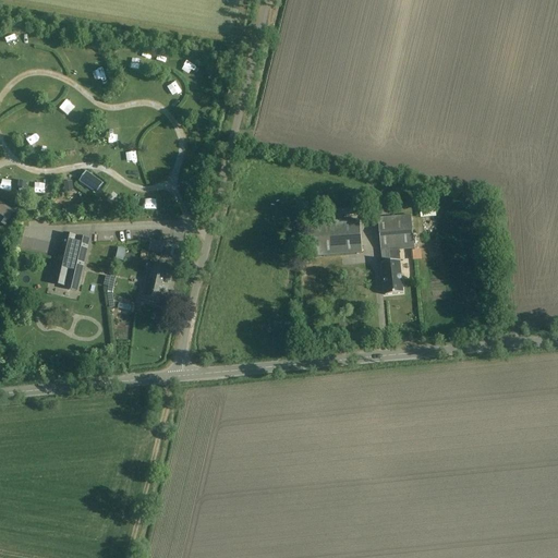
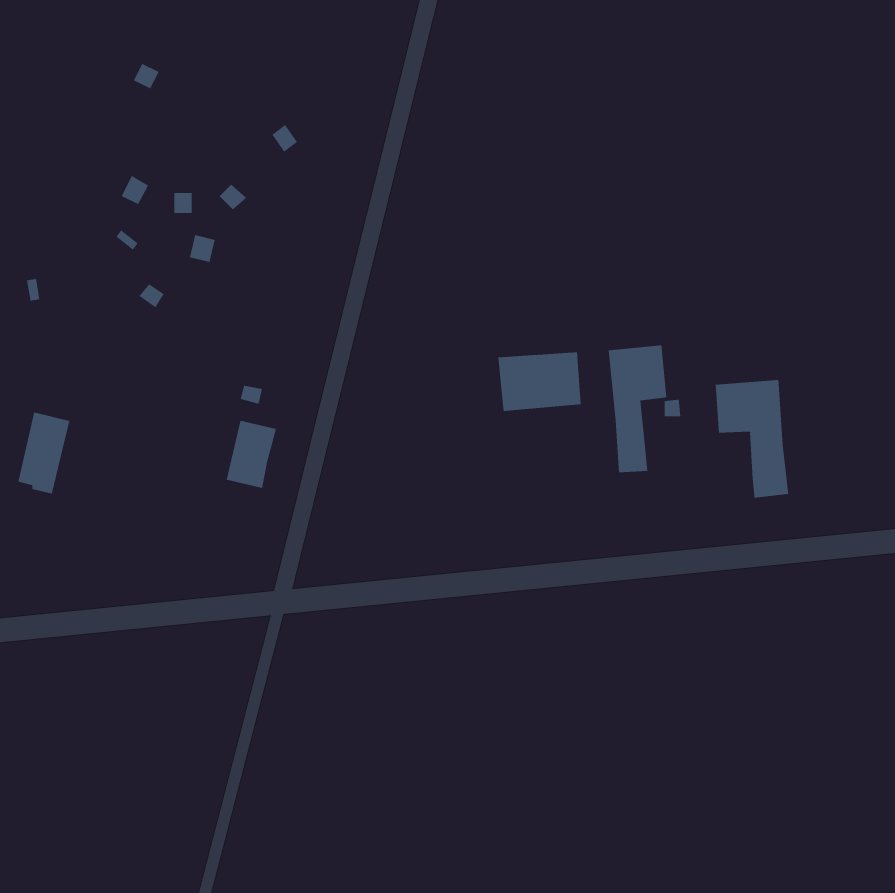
building: [56,233,88,284] -> [18,412,70,494]
building: none -> [715,379,789,498]

